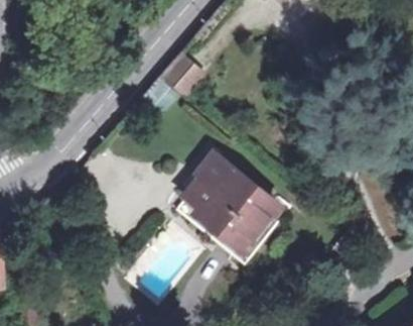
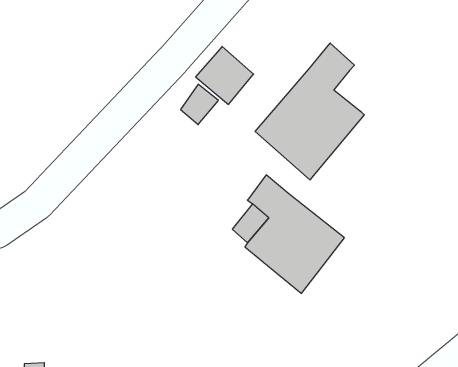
building: none -> [255,43,364,180]

